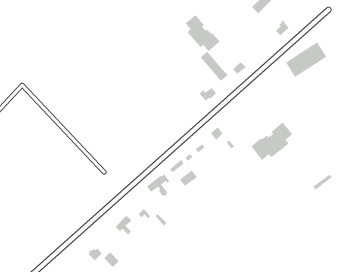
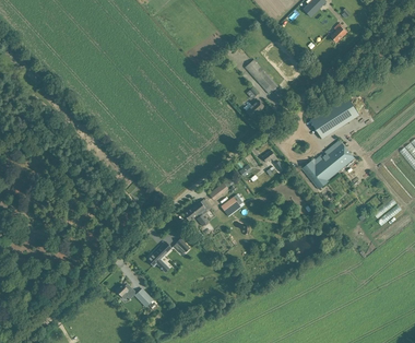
building: [185,14,220,52] -> none
building: [285,42,327,78] -> [310,97,358,139]

